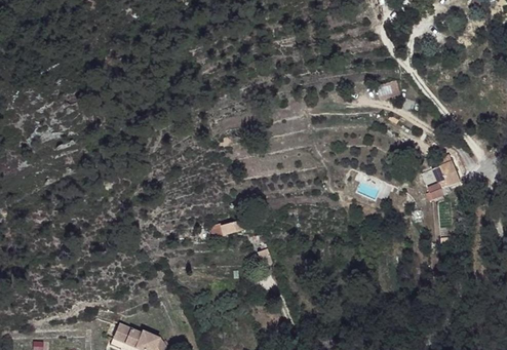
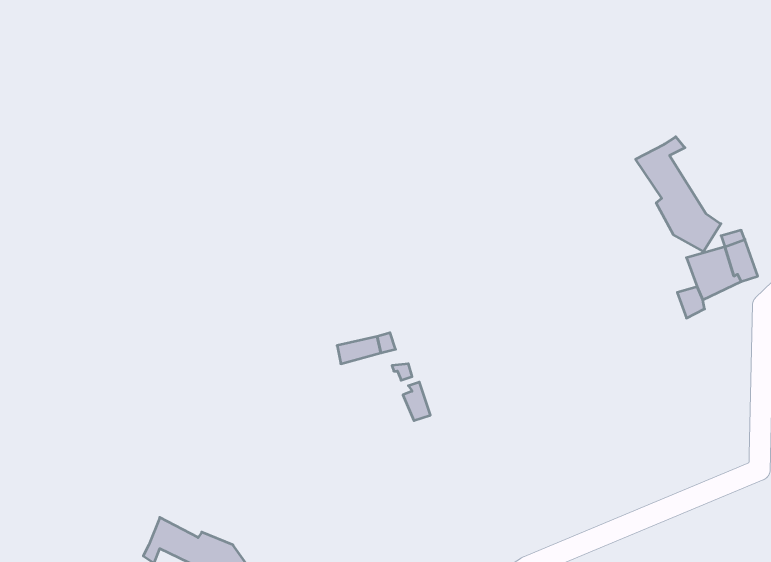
building: none -> [636,137,721,252]

